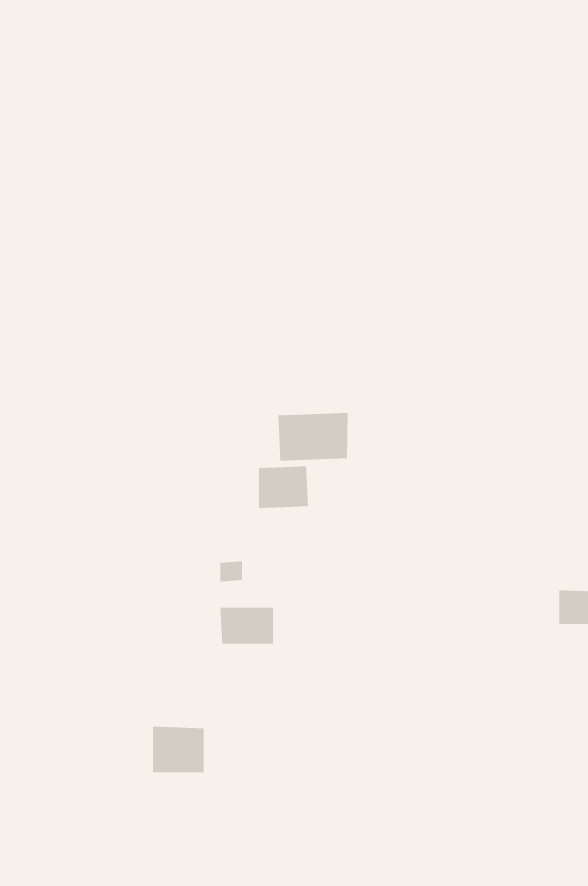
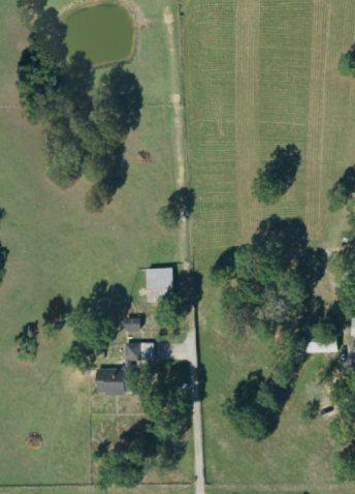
building: [278,412,348,461] -> none
building: [152,726,204,773] -> [95,369,123,394]

